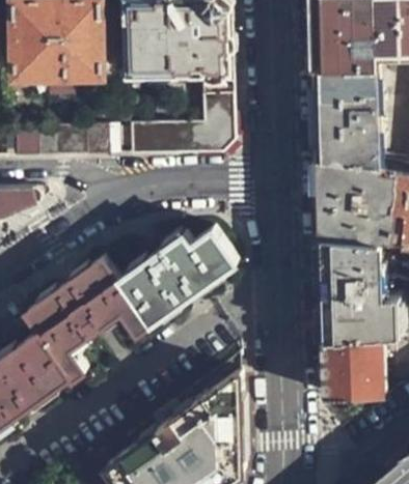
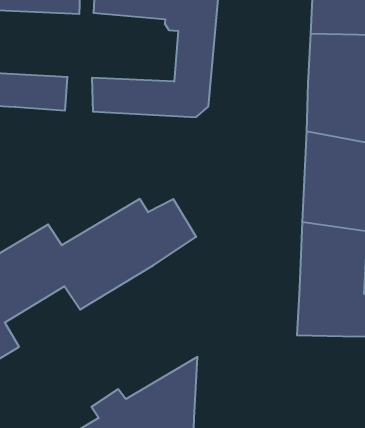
building: [325,343,381,404] -> none

